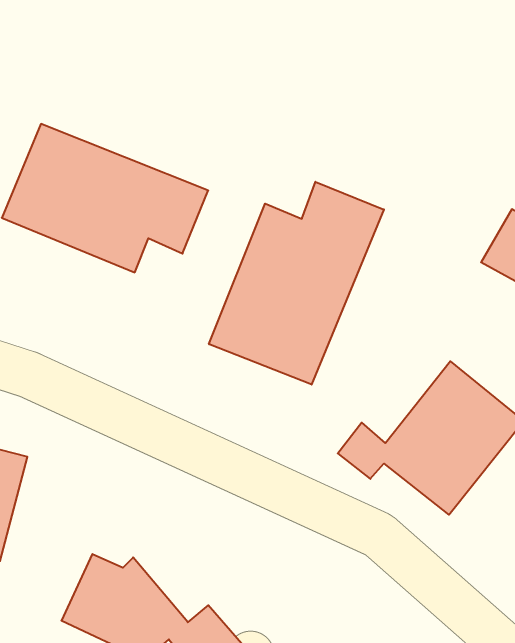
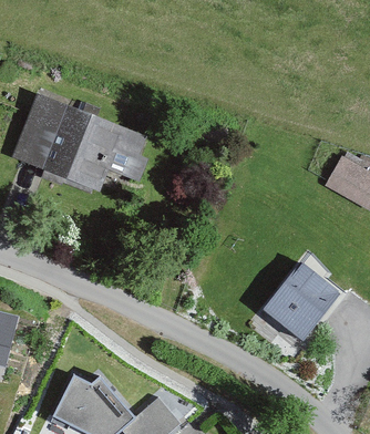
building: [209,182,384,385] -> none

